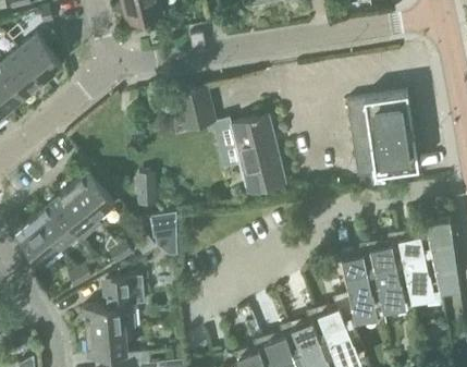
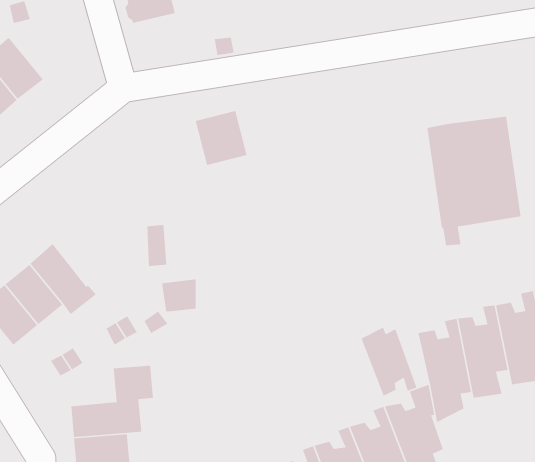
building: [231,117,286,195] -> none
building: [70,173,114,220] -> none
building: none -> [360,327,418,397]

